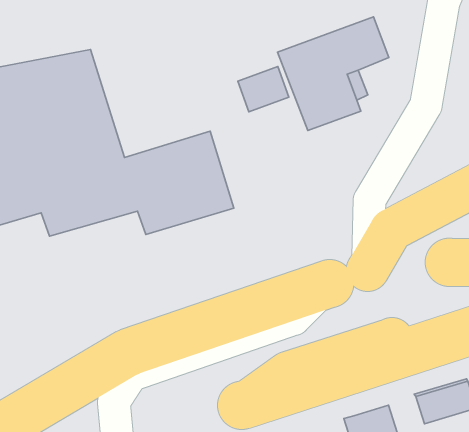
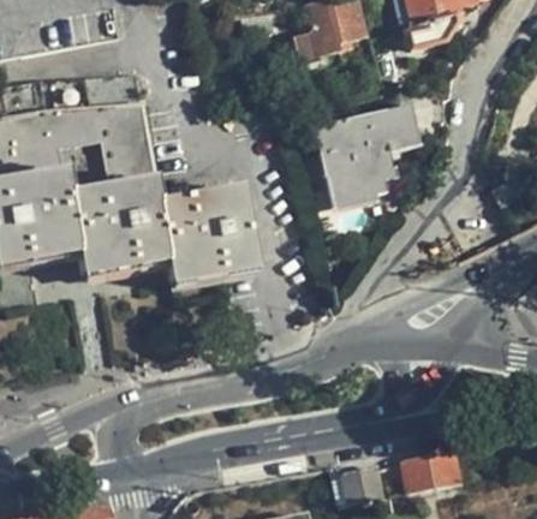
building: [238,67,289,112] -> none

